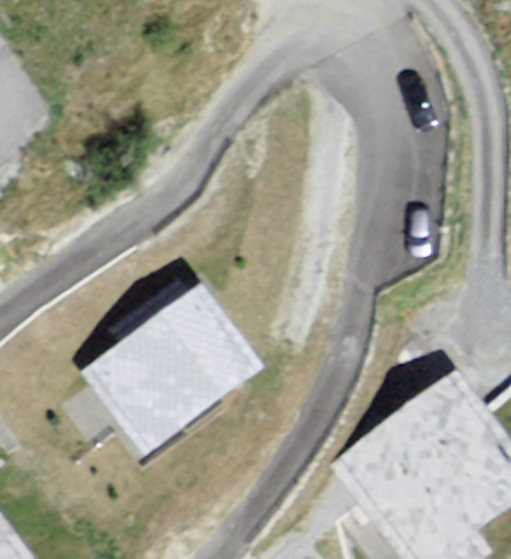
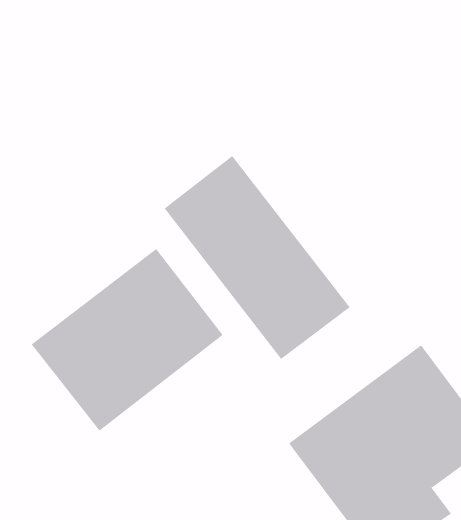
building: none -> [164,155,351,360]

